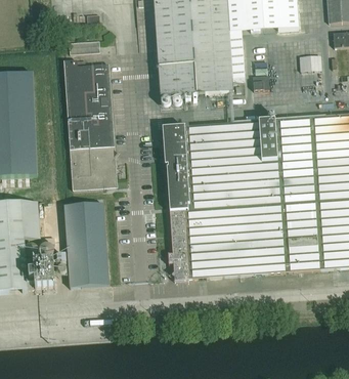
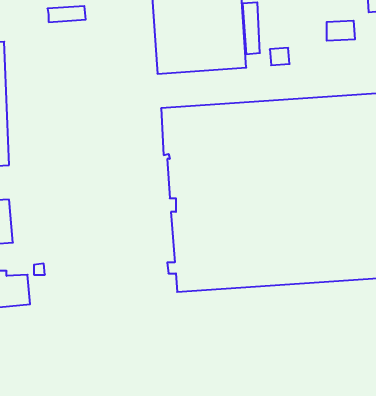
building: [64,59,117,190] -> none
building: [64,203,110,288] -> none

